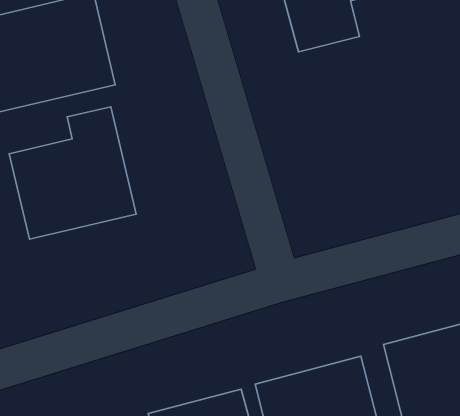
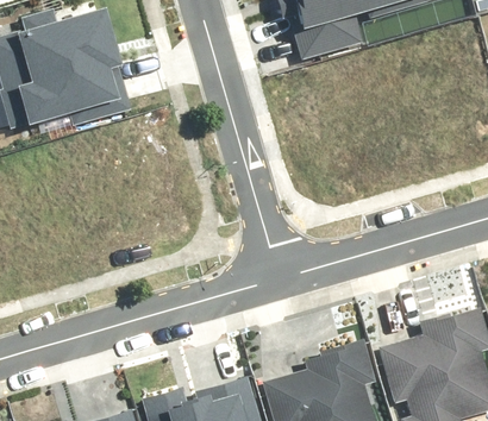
building: [9,107,136,239] -> none

